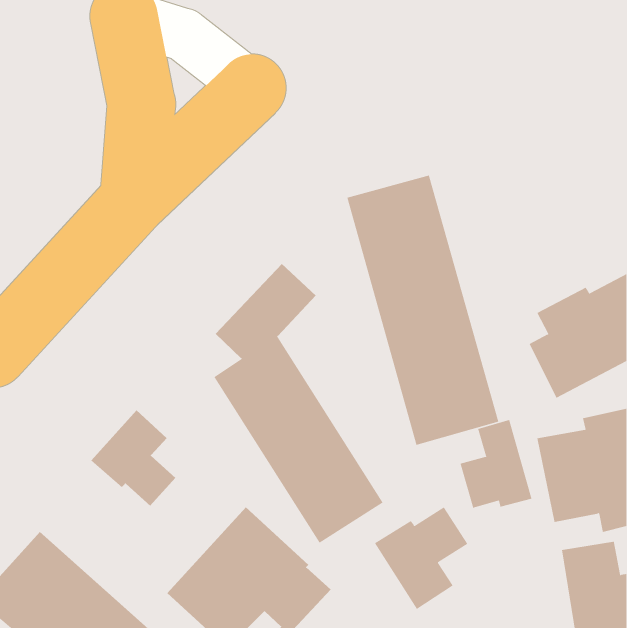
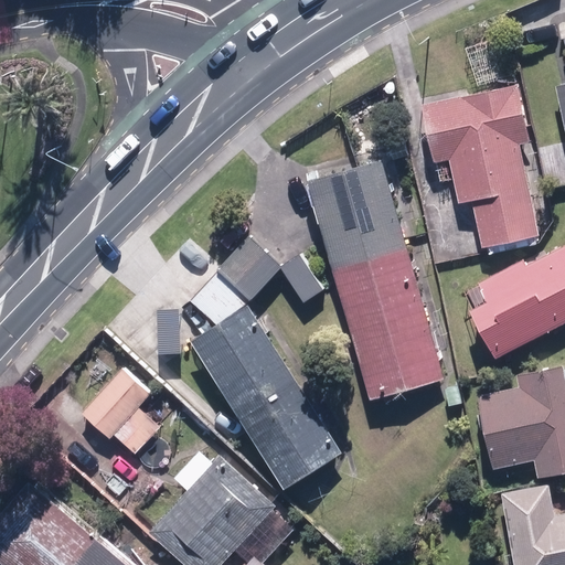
building: none -> [419,87,536,248]
building: [460,419,532,508] -> none
building: [374,507,468,610] -> none

